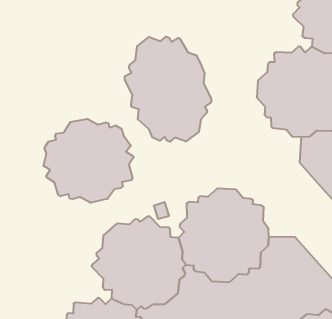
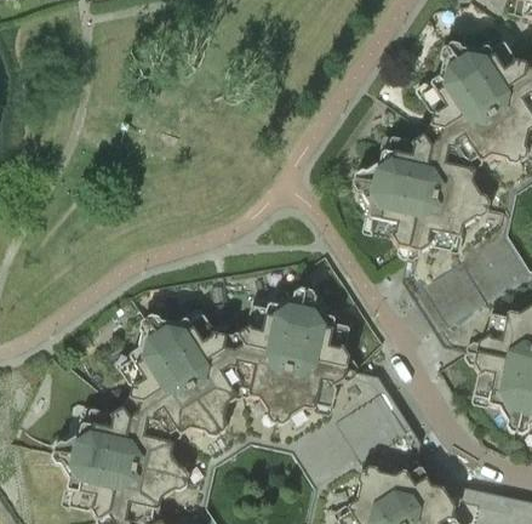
building: [125,37,211,142] -> none
building: [43,119,134,203] -> none

